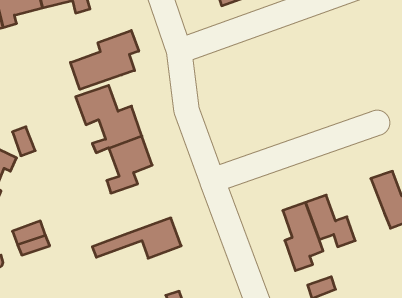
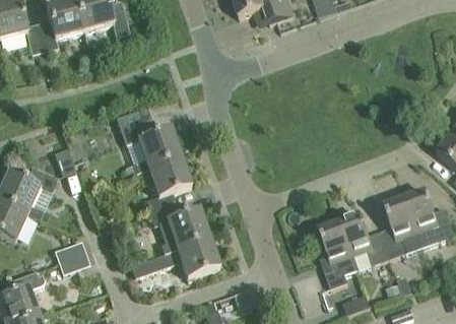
building: [70,30,139,89] -> none
building: none -> [381,197,424,258]
building: none -> [149,202,208,252]

